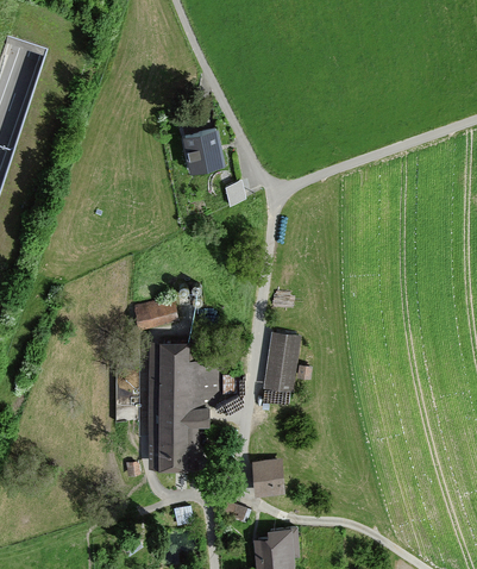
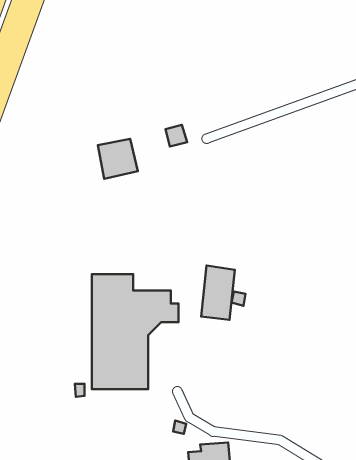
building: [181,129,225,173] -> [98,139,138,179]
building: [134,299,180,333] -> none
building: [252,458,284,498] -> none

